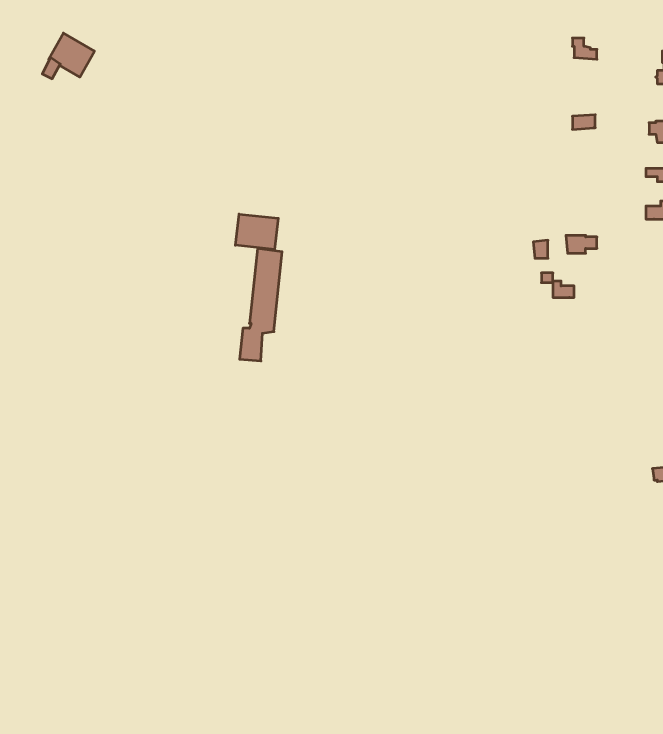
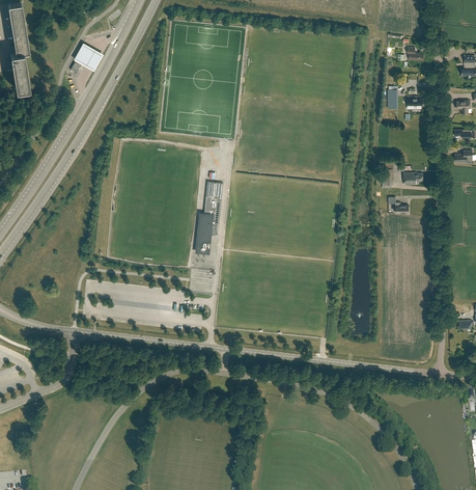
building: [235,214,278,249] -> none

